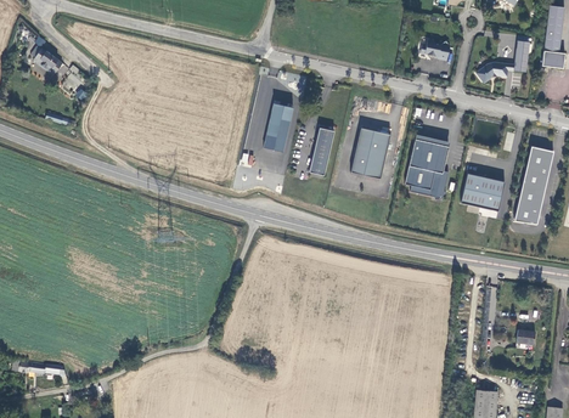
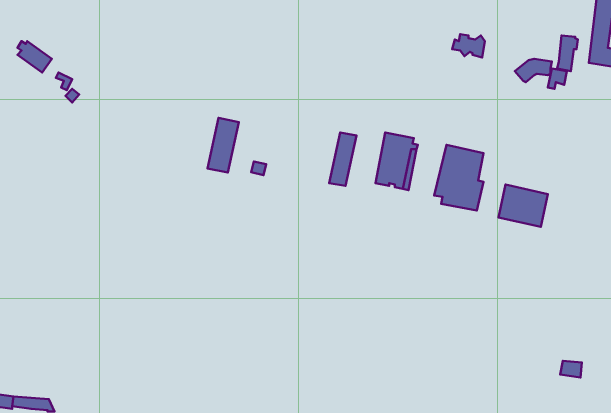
building: [264,102,292,151] -> [207,118,239,173]
building: [508,147,547,225] -> none

